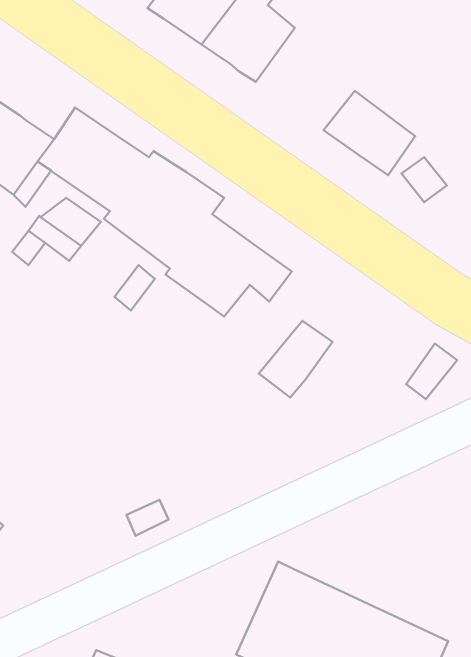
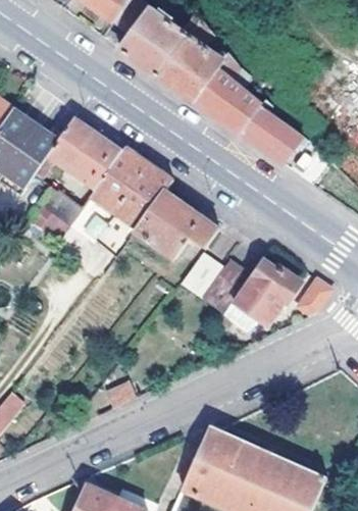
building: none -> [195,53,263,133]
building: none -> [177,254,221,298]
building: none -> [226,260,304,335]

